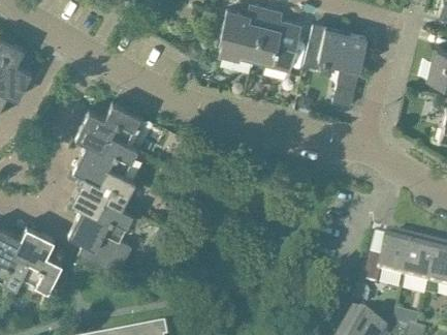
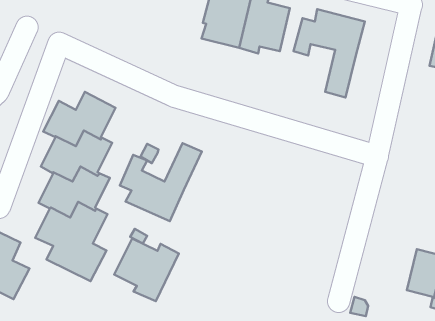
building: none -> [120,143,202,221]
building: none -> [114,239,179,301]
building: [368,236,417,285] -> none

